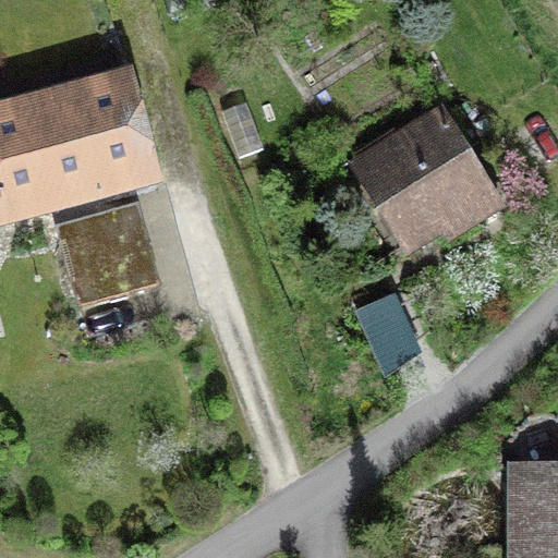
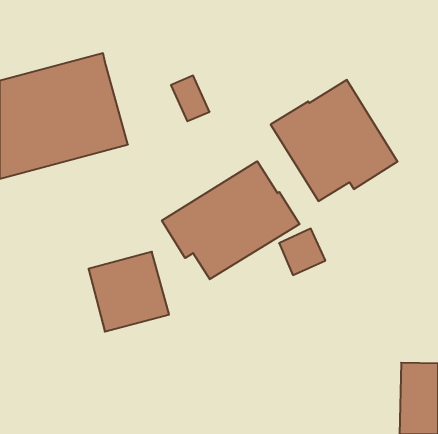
building: [59,202,161,303] -> [88,252,169,332]
building: none -> [162,161,300,279]

